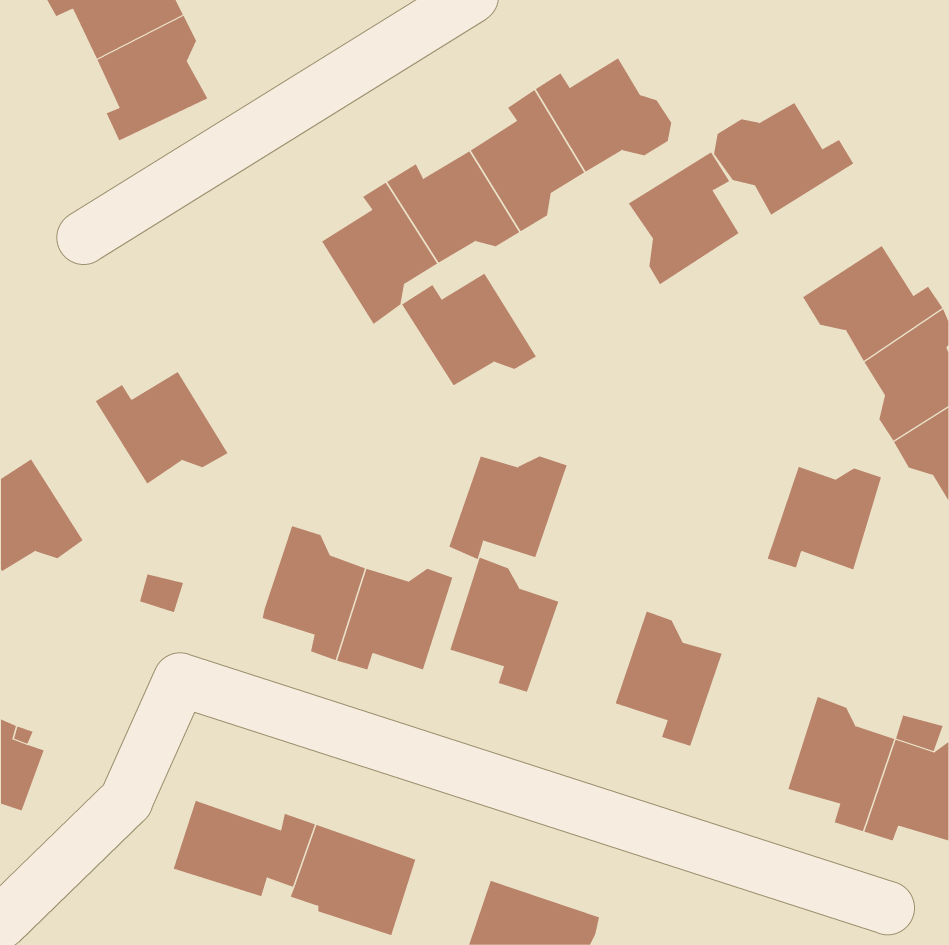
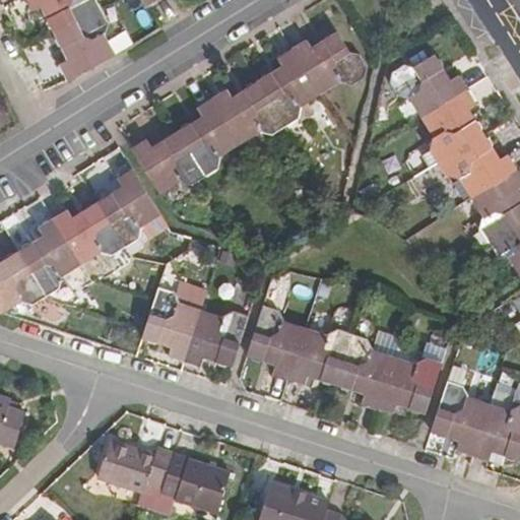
building: [628,151,739,285] -> [421,89,482,162]
building: [401,273,537,386] -> [130,132,204,194]
building: none -> [98,170,160,248]
building: none -> [17,219,80,296]
building: [449,456,567,560] -> [288,329,353,386]
building: [767,466,882,570] -> [378,358,441,414]

